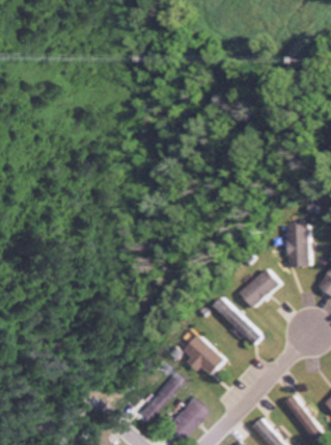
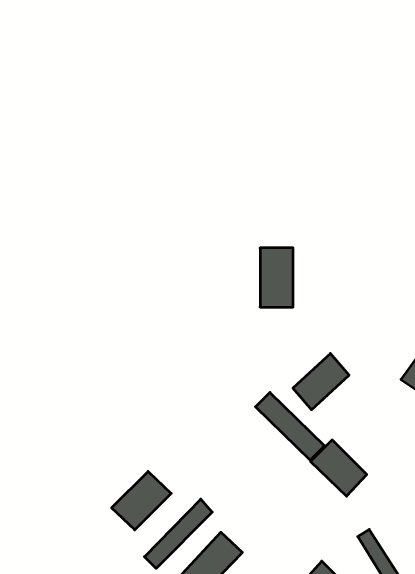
building: [287,224,311,266] -> [260,248,293,307]
building: [184,335,224,375] -> [311,440,367,496]
building: none -> [112,471,171,530]

